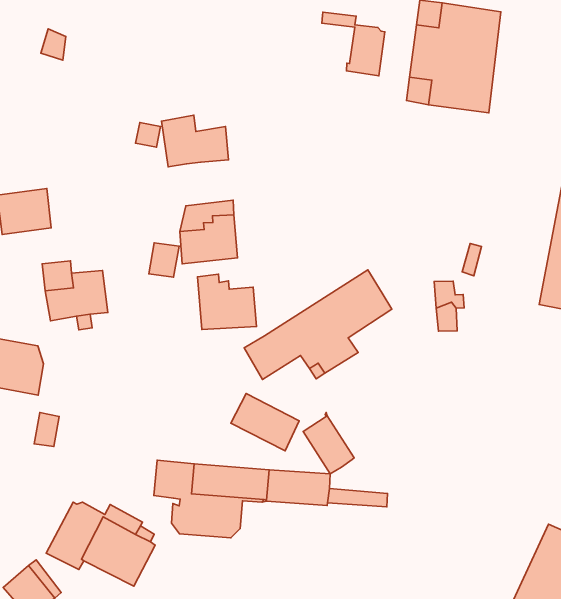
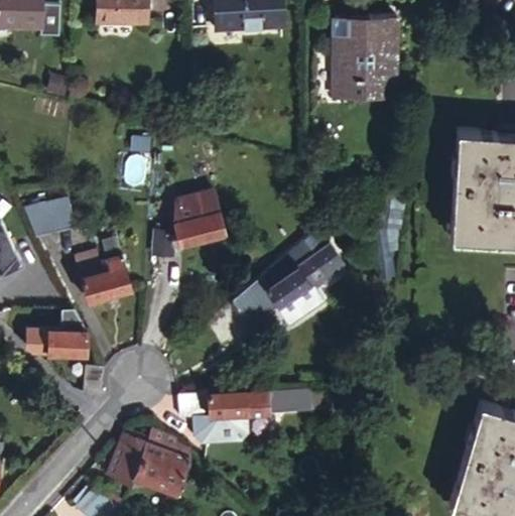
building: [322,12,385,76] -> none
building: [162,115,229,167] -> none
building: [197,274,257,329] -> none
building: [231,394,299,451] -> none
building: [303,412,354,474] -> none

